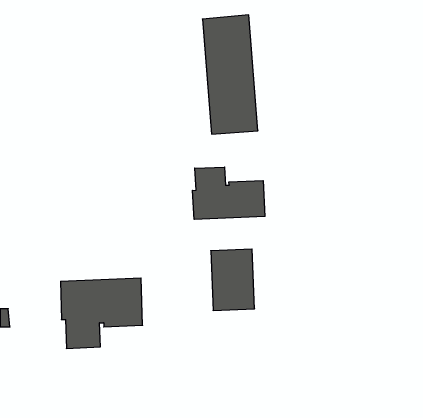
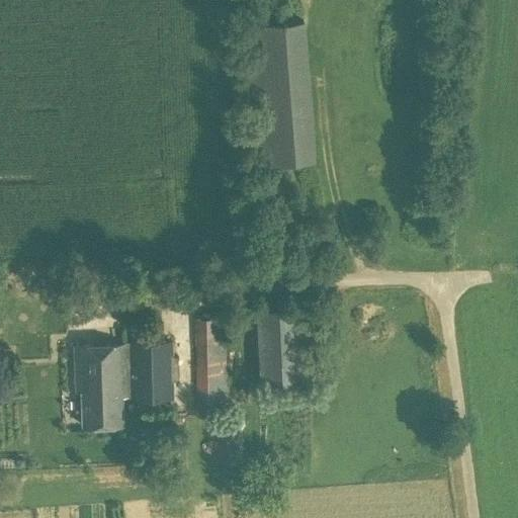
building: [192,167,265,219] -> none
building: none -> [197,321,226,397]

